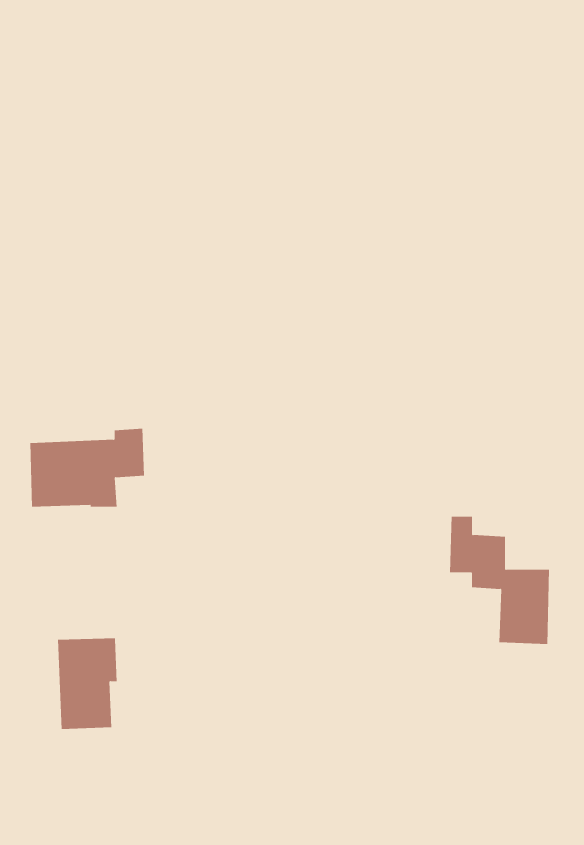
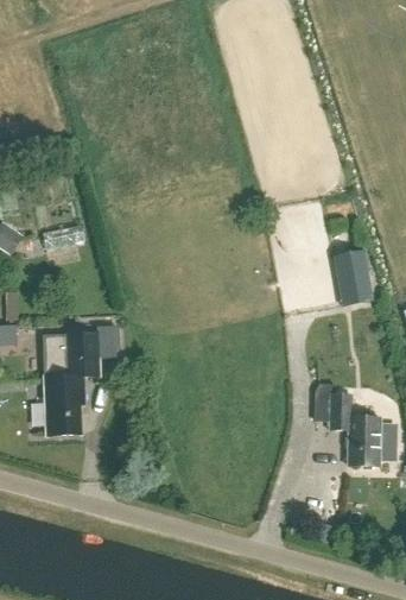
building: none -> [337,250,378,305]
building: [57,638,118,729] -> [45,375,84,435]

